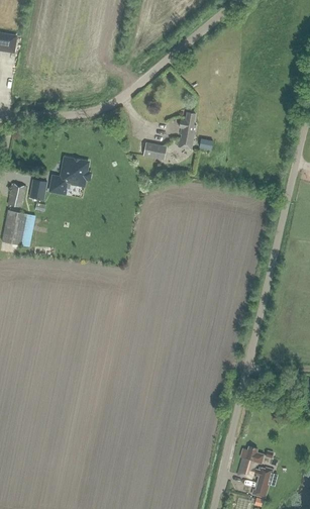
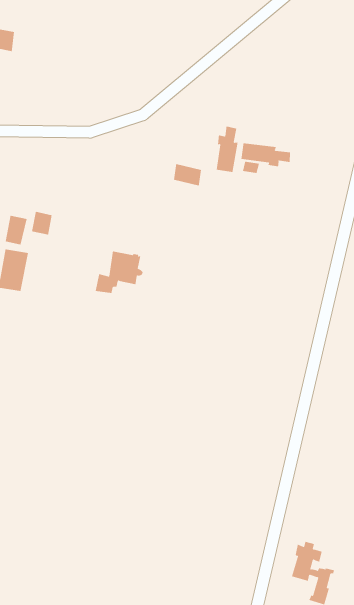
building: none -> [241,143,291,167]
building: [49,158,89,192] -> [95,251,144,294]

